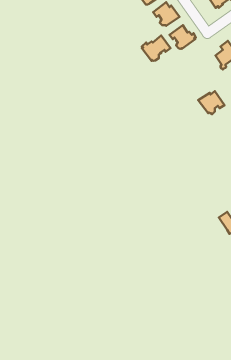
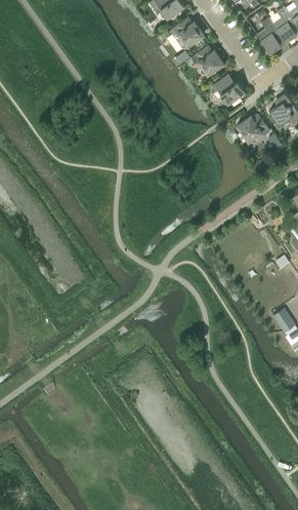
building: [142,36,171,61] -> none
building: [198,91,225,114] -> [237,115,269,144]

